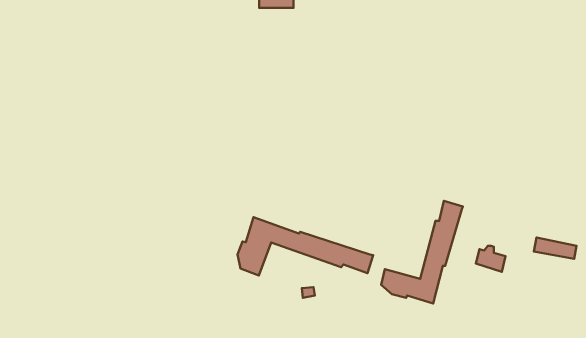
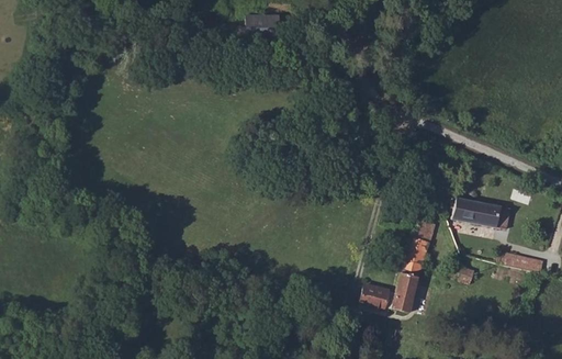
building: none -> [452,198,512,231]
building: [237,217,373,276] -> none

